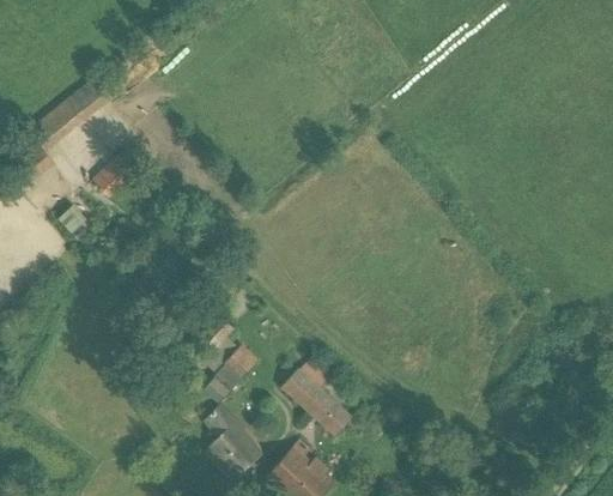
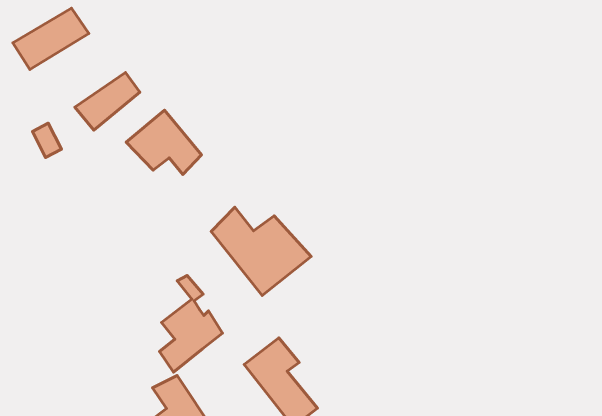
building: none -> [126,110,202,174]
building: none -> [211,207,311,295]

